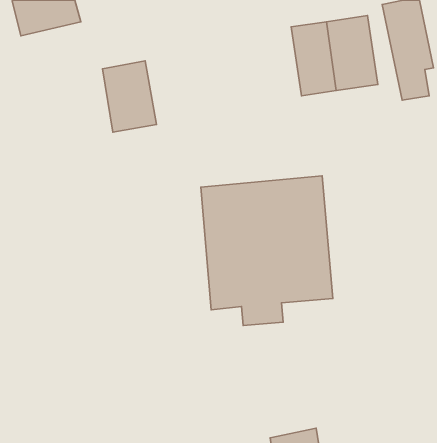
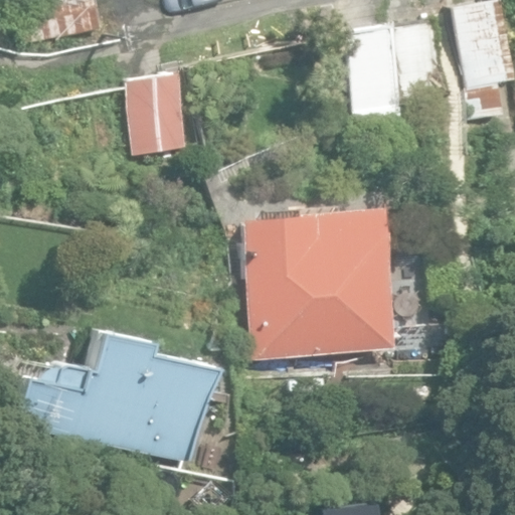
building: none -> [17,330,208,463]

